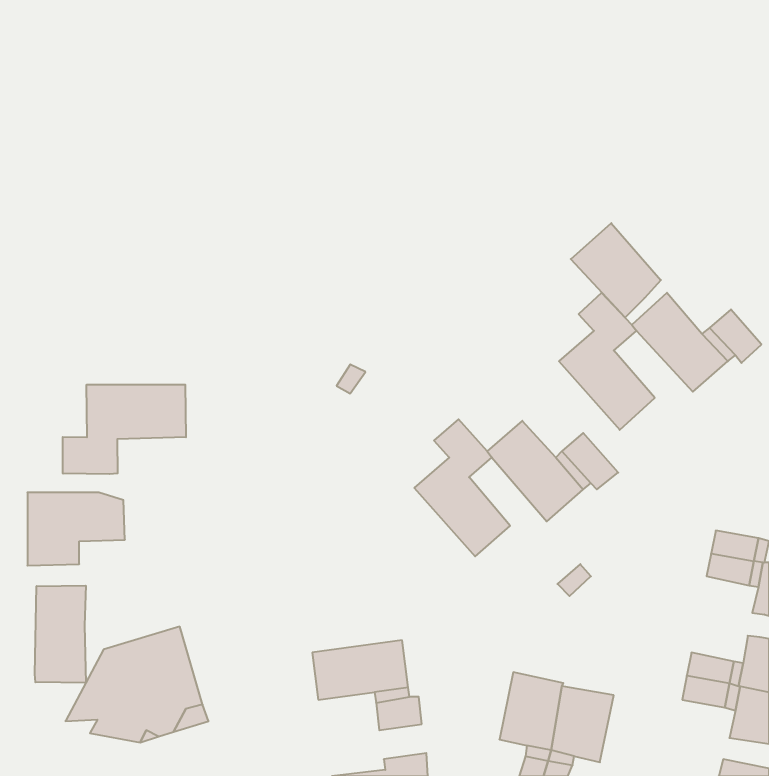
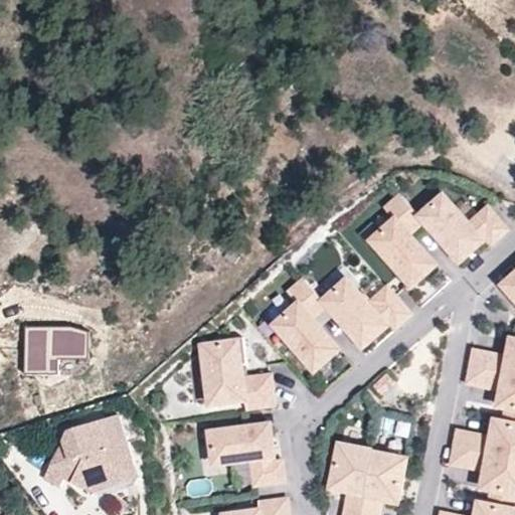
building: [571,223,661,318] -> none
building: [63,385,186,474] -> none
building: none -> [199,340,270,410]
building: [35,586,86,683] -> none

